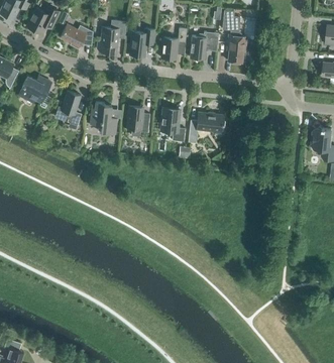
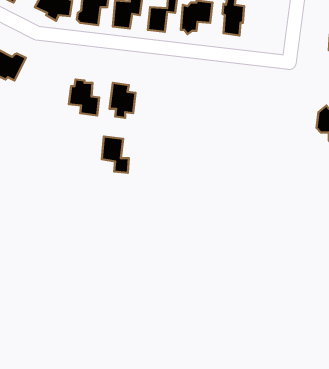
building: [55,91,82,125] -> none
building: [160,109,185,141] -> [102,137,129,173]
building: [188,113,223,143] -> none

